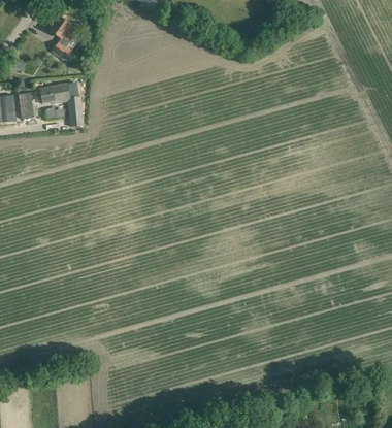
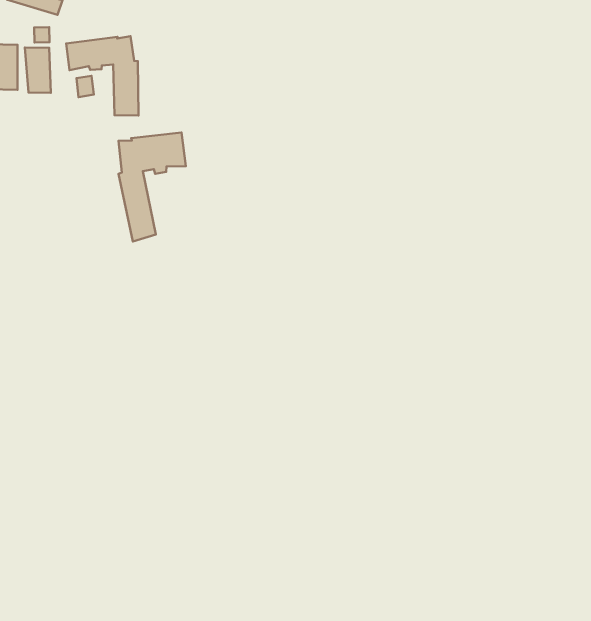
building: none -> [118,132,186,242]

